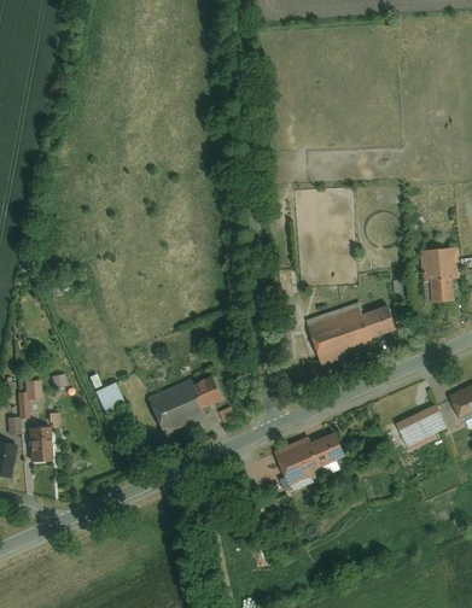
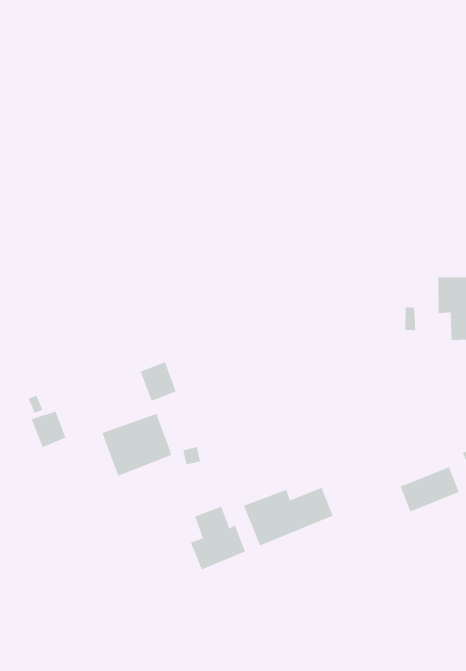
building: [309,304,403,366] -> none
building: [197,374,228,408] -> [140,361,177,401]
building: none -> [190,506,246,570]

